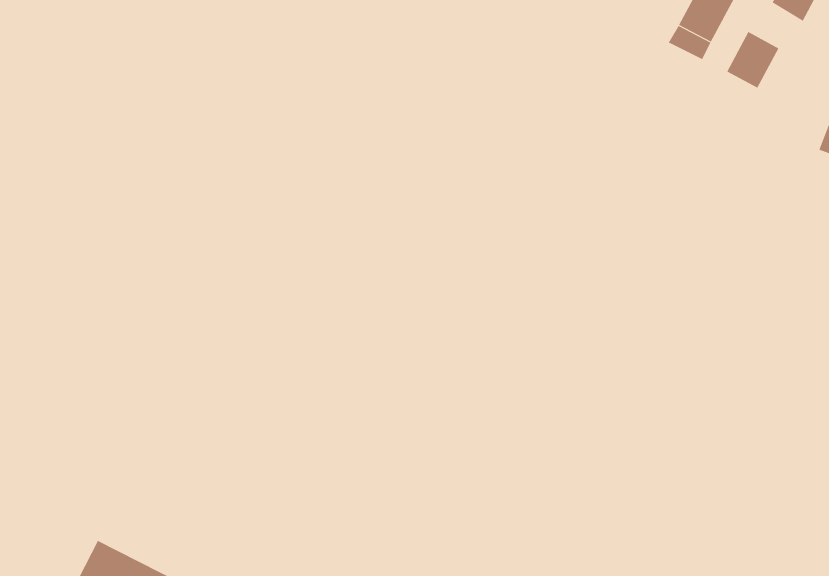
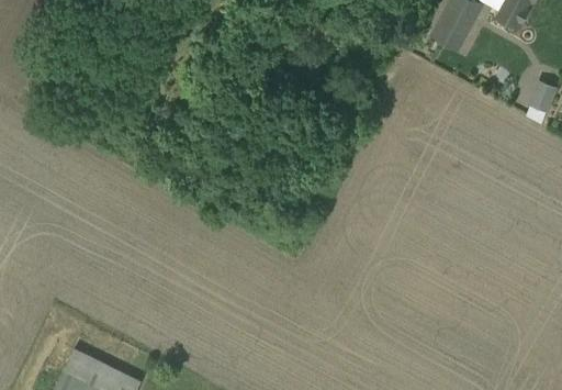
building: [727,31,779,88] -> none

